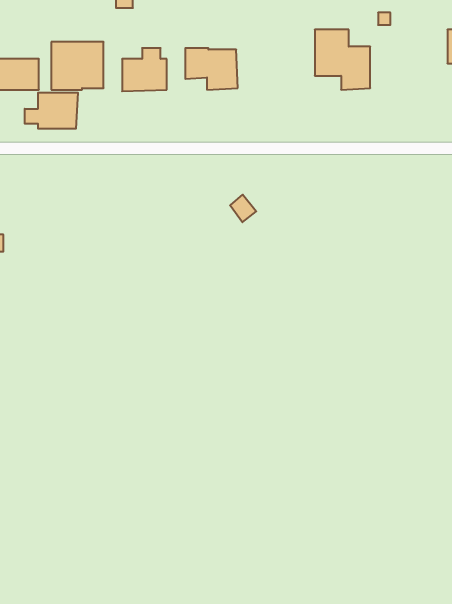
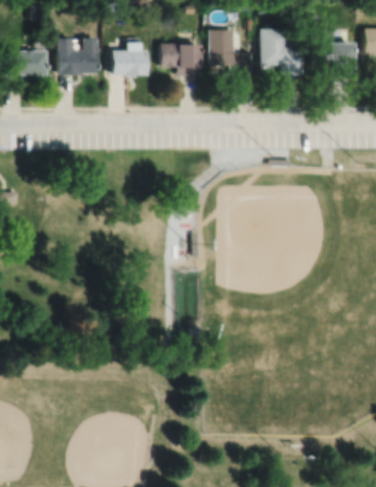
building: none -> [210,30,253,76]
building: none -> [313,43,356,75]
building: [25,93,78,129] -> none

